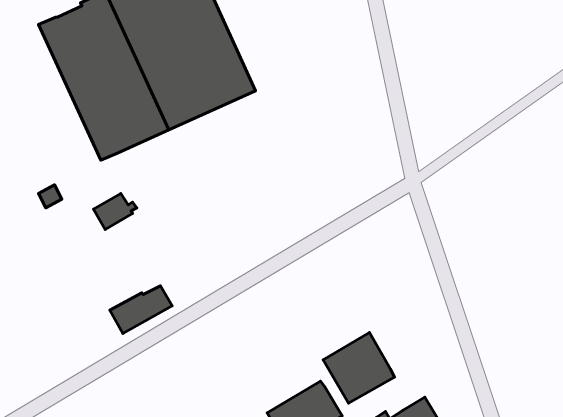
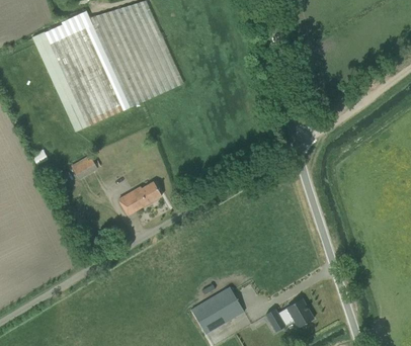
building: [110,286,172,333] -> [118,181,162,214]
building: [323,333,395,403] -> none

